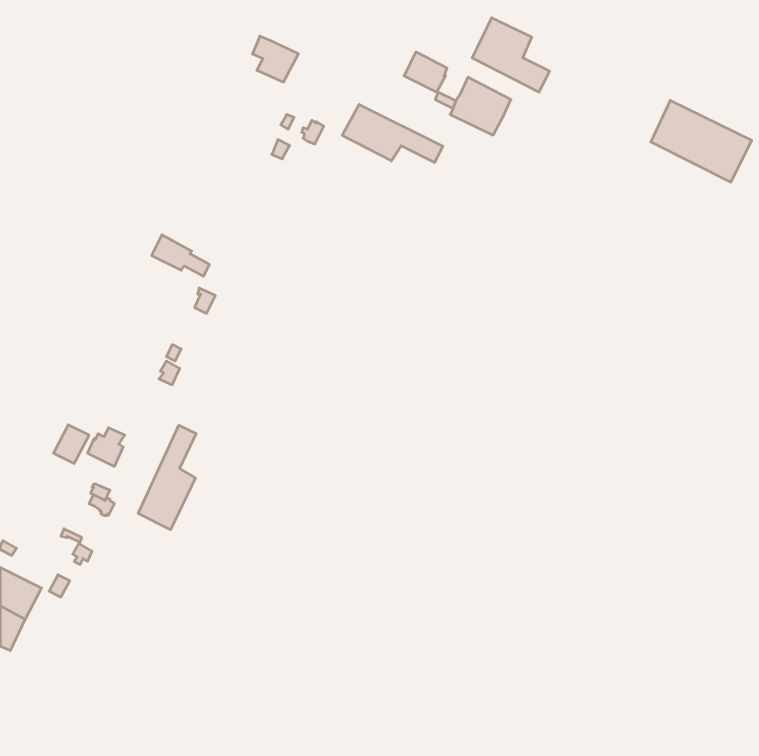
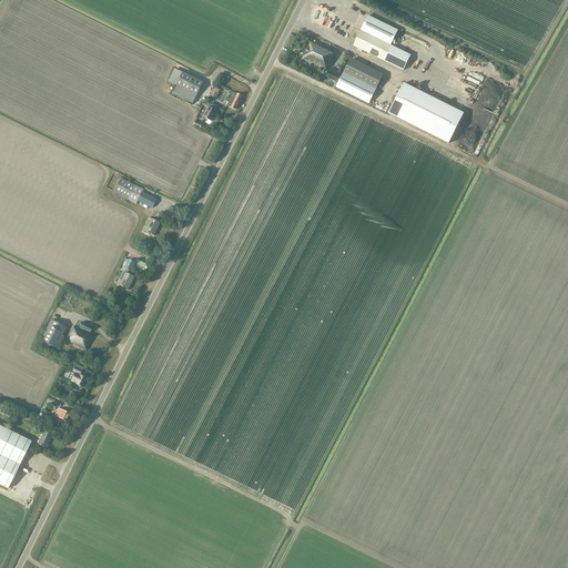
building: [252,36,298,82] -> [169,67,203,101]
building: [651,100,752,182] -> [388,81,464,142]
building: [342,104,443,163] -> none
building: [138,425,196,530] -> none

